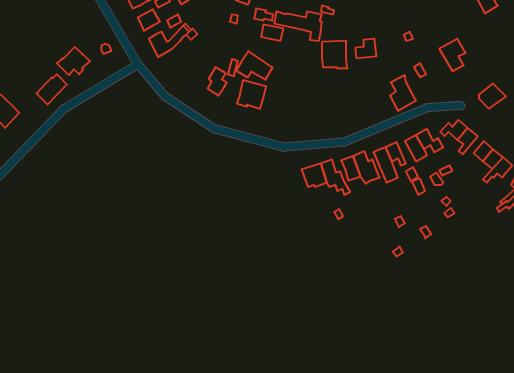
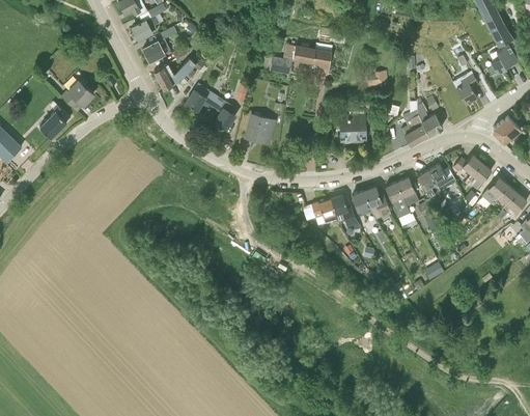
building: none -> [487,40,521,77]
building: [322,41,347,68] -> [340,114,366,142]
building: [236,51,273,80] -> [186,84,223,113]
building: none -> [416,99,442,135]

